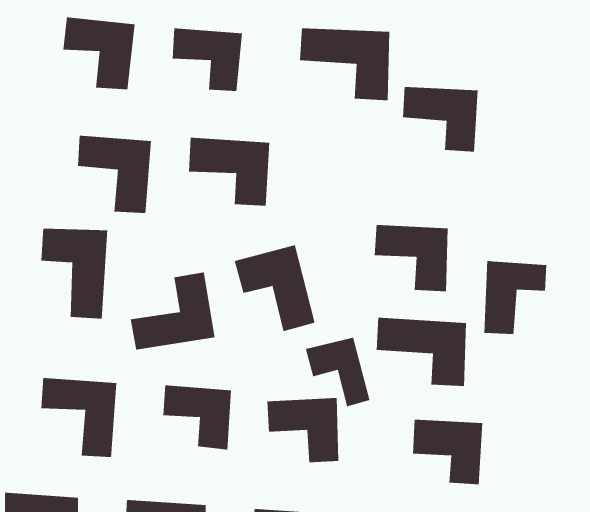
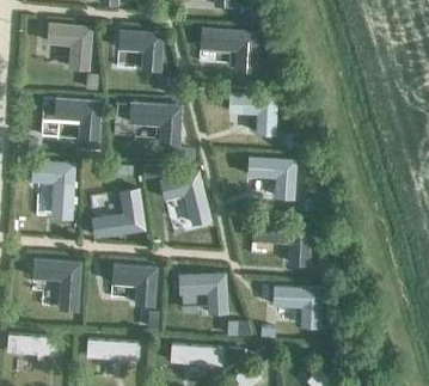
building: [402,87,479,152] -> [229,96,280,139]
building: [484,260,547,335] -> none
building: [305,337,370,407] -> none

